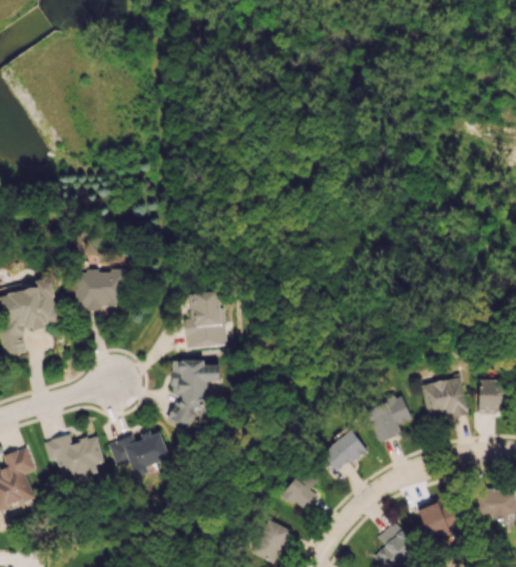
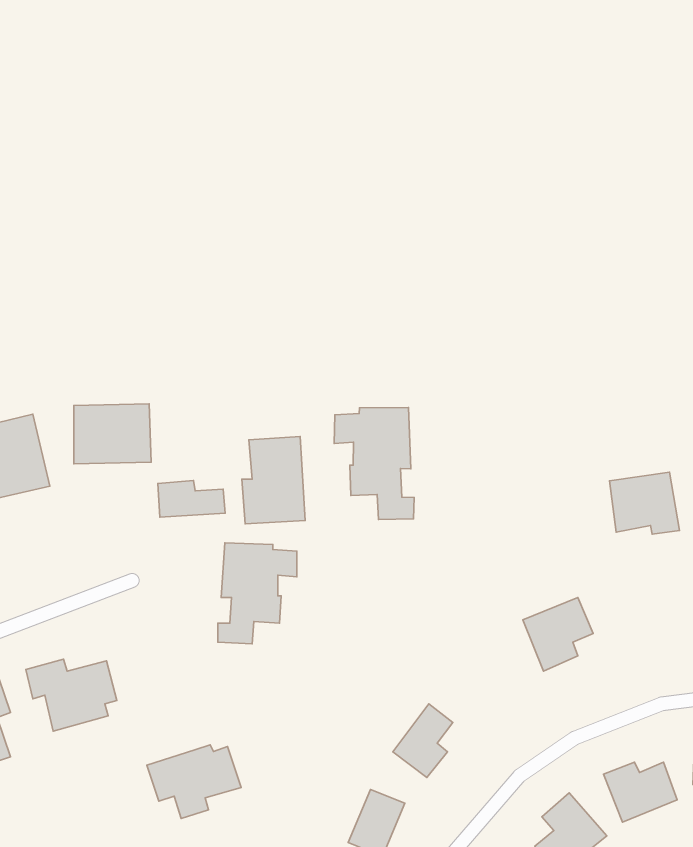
building: none -> [334,408,414,519]
building: none -> [158,480,225,517]
building: [422,378,467,417] -> [609,472,680,534]
building: [109,431,169,478] -> [147,745,241,818]
building: [321,431,367,473] -> none

